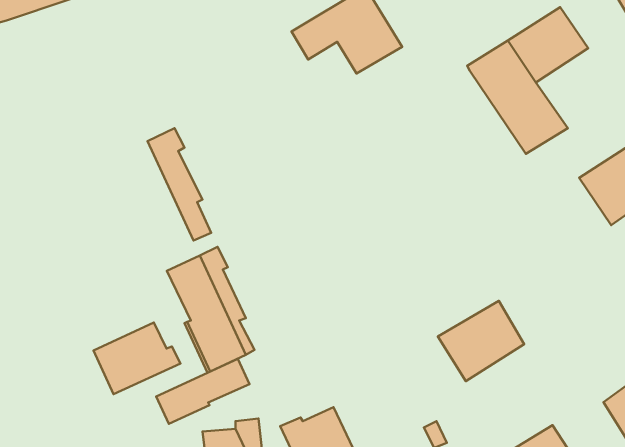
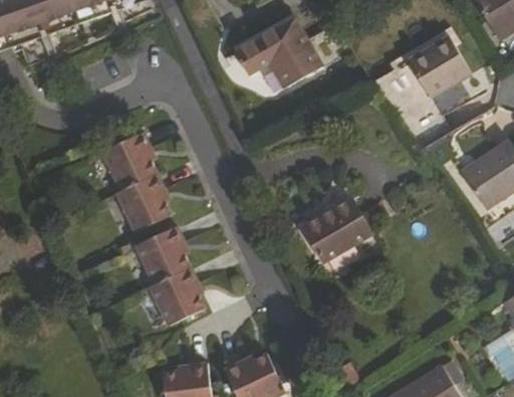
building: none -> [102,142,158,231]
building: [438,301,524,381] -> [304,201,372,264]
building: [93,323,180,394] -> none
building: [156,359,250,424] -> none

